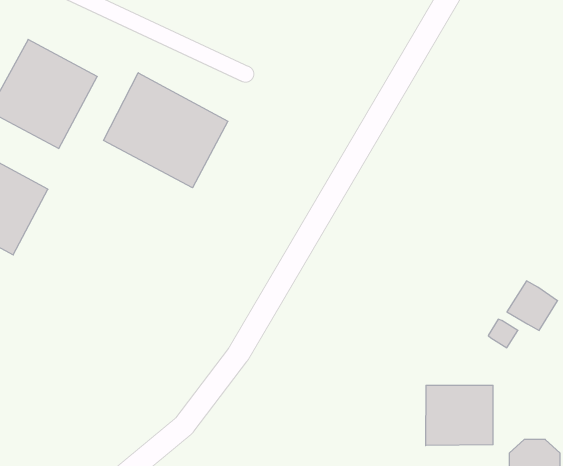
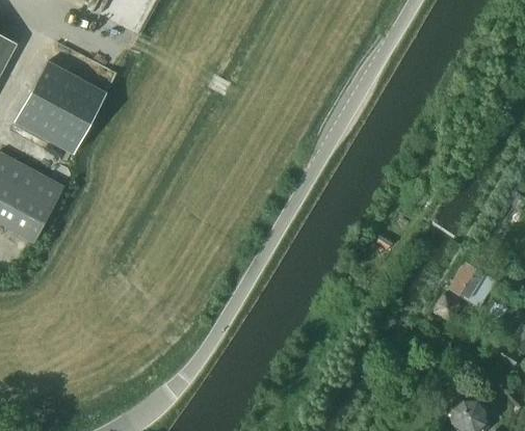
building: [104,73,228,188] -> none
building: [426,385,493,446] -> none

